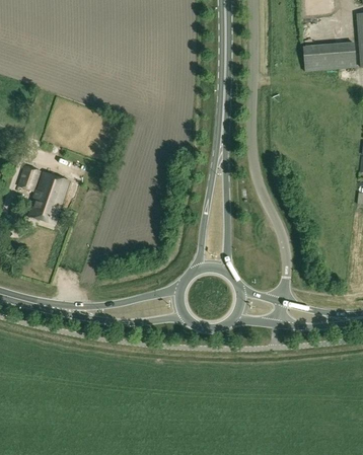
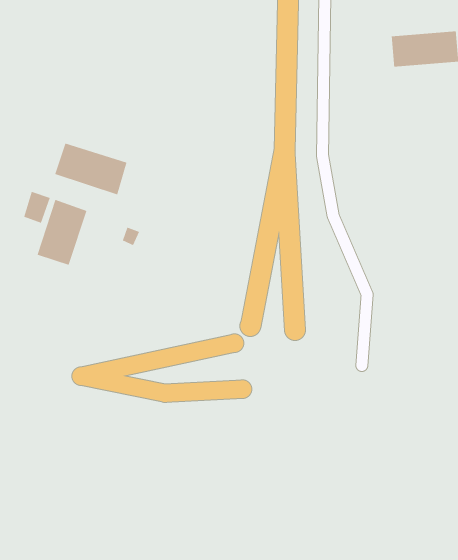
building: none -> [54,142,127,195]

